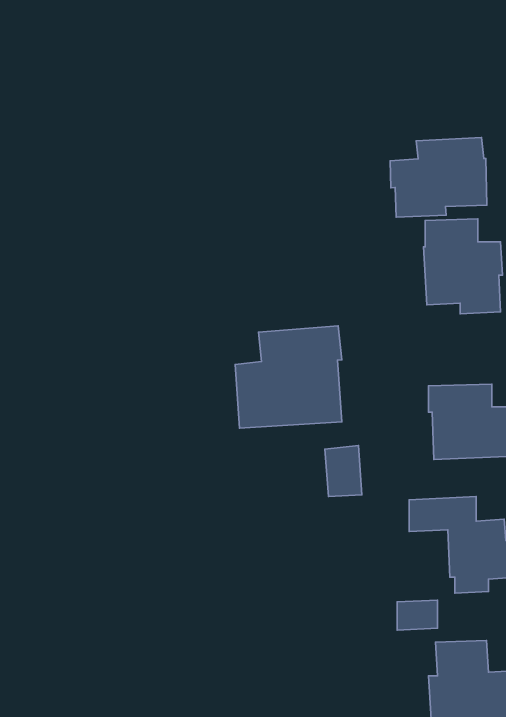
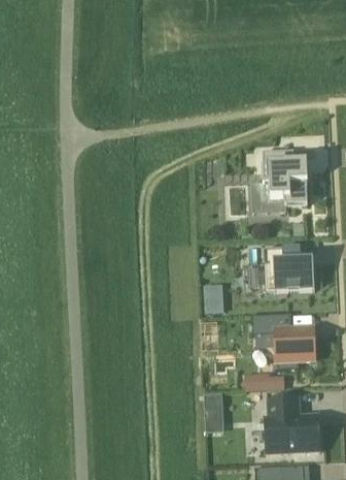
building: [390,137,487,217] -> none
building: [235,326,342,428] -> none
building: none -> [205,394,223,434]

